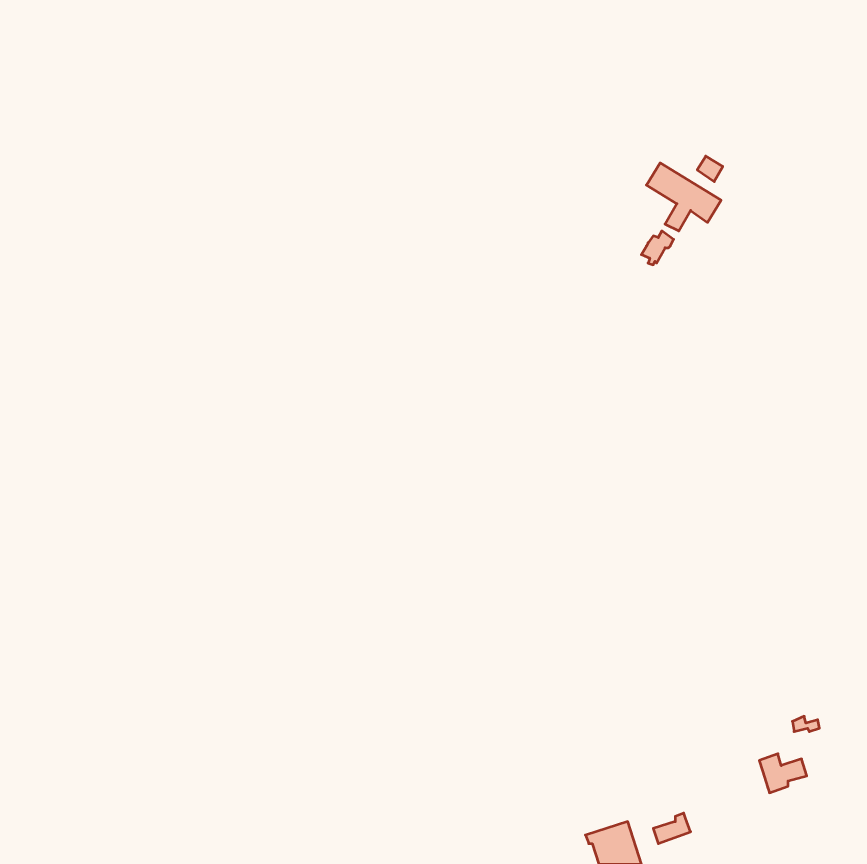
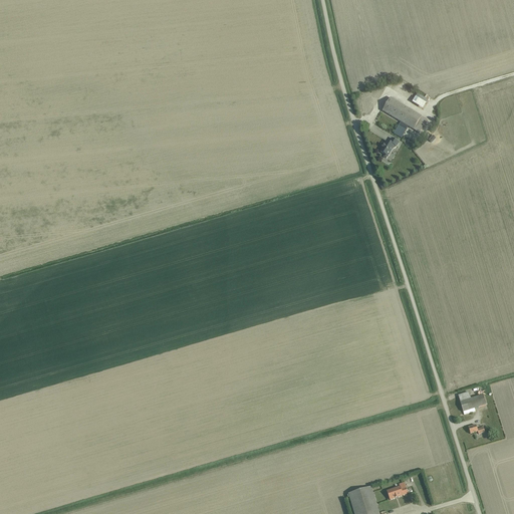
building: [759,754,807,793] -> [458,391,486,414]

